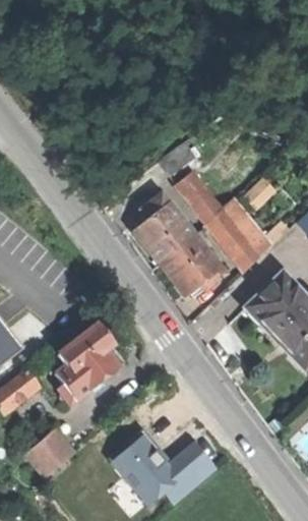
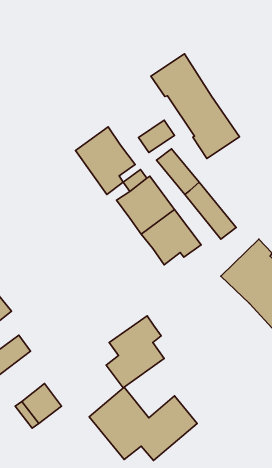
building: none -> [151,54,239,159]
building: none -> [76,127,135,194]
building: [55,326,117,403] -> [106,316,164,388]

